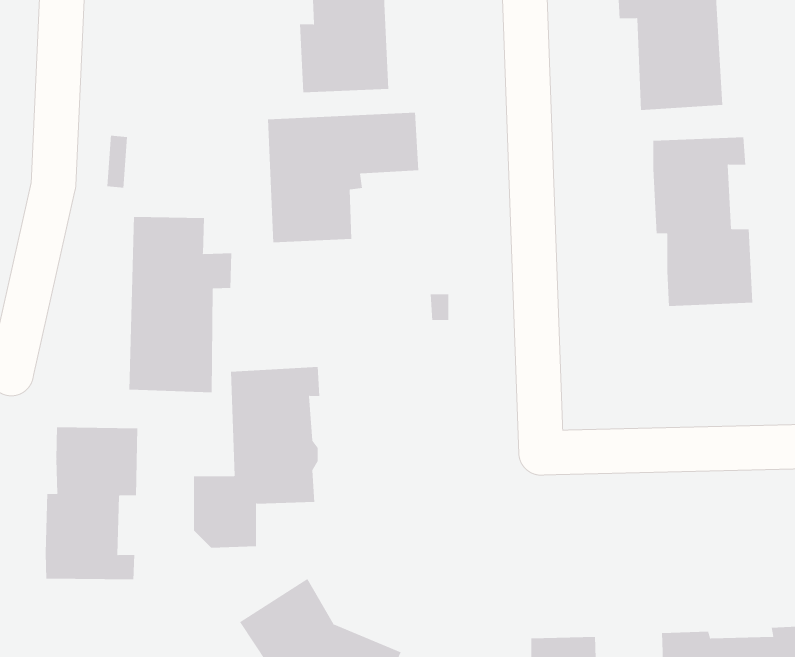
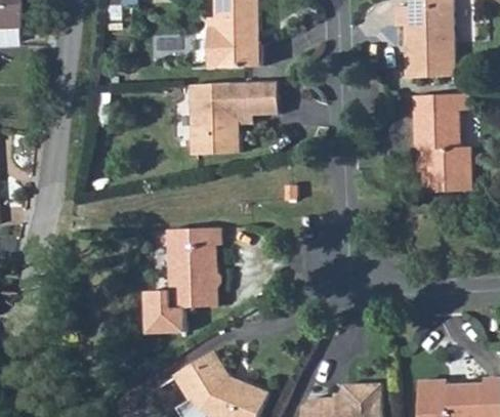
building: [129,216,232,393] -> none
building: [45,427,138,580] -> none

